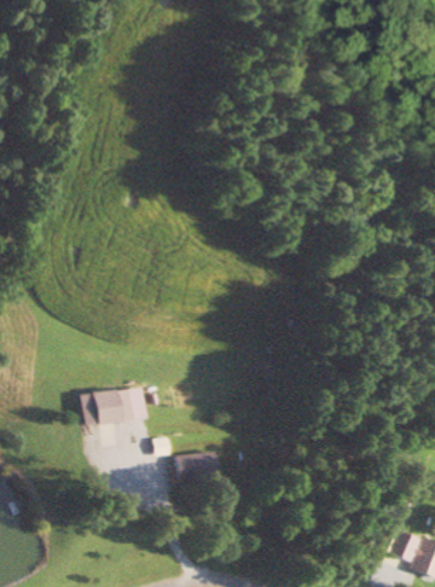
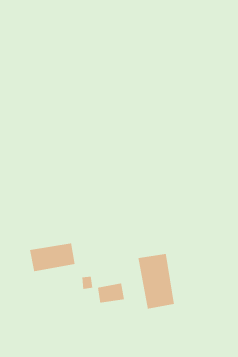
building: none -> [138,253,175,310]

